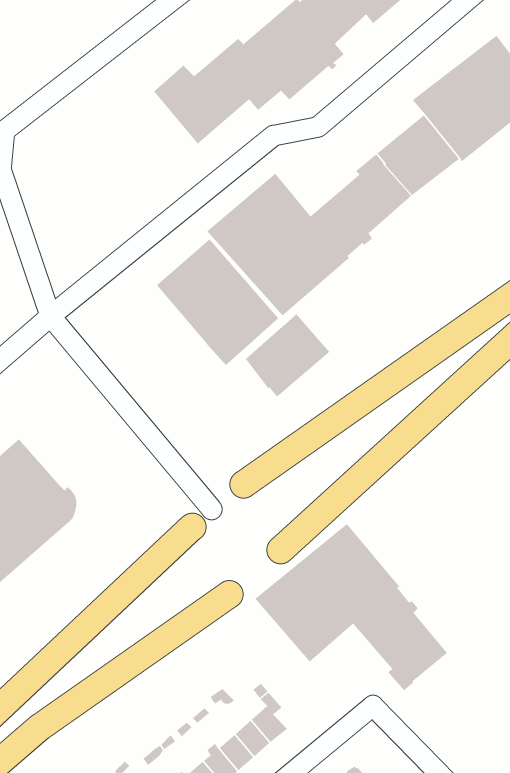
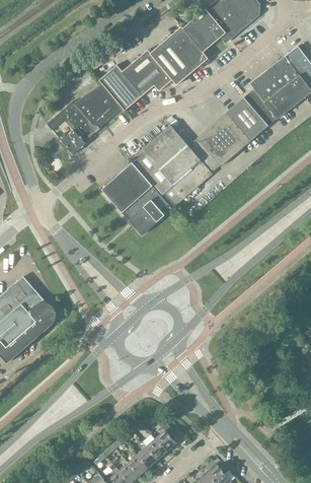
building: none -> [47,85,121,154]
building: [245,313,330,398] -> none
building: [255,523,448,691] -> none

